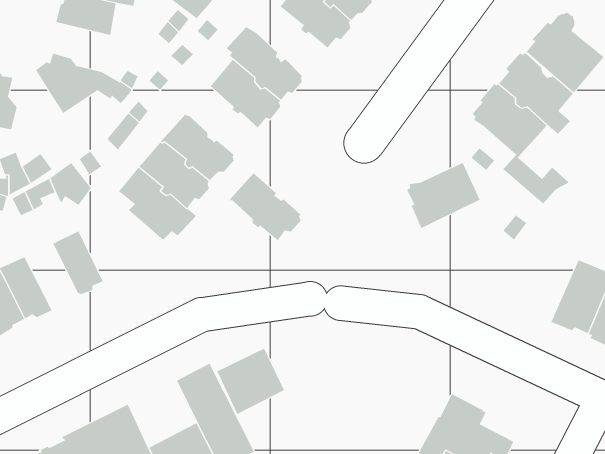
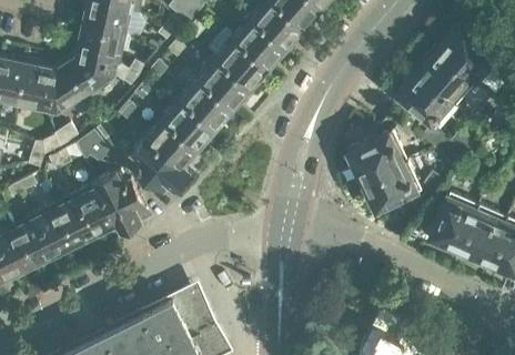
building: none -> [234,13,289,67]
building: none -> [79,26,123,63]
building: none -> [46,62,87,111]
building: [229,173,301,241] -> [180,74,235,126]
building: none -> [360,161,420,211]
building: none -> [99,172,148,231]
building: none -> [430,193,479,254]
building: none -> [58,194,98,245]
building: [217,348,285,415] -> [137,298,189,349]

